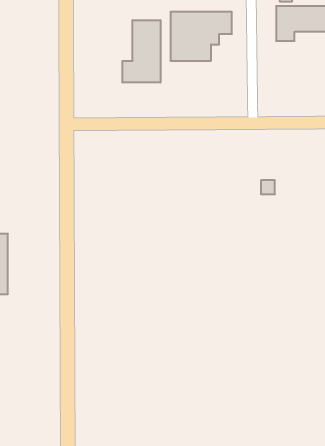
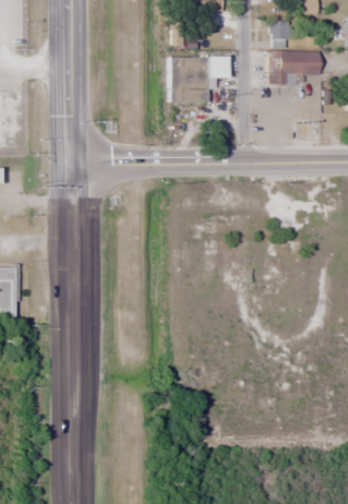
building: [122,20,160,83] -> none

